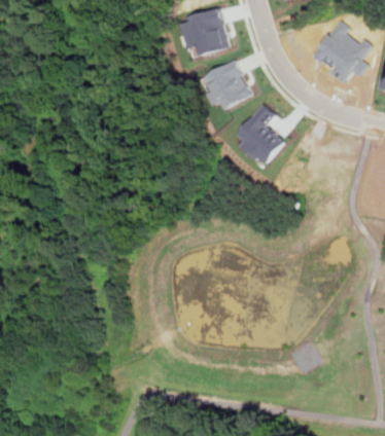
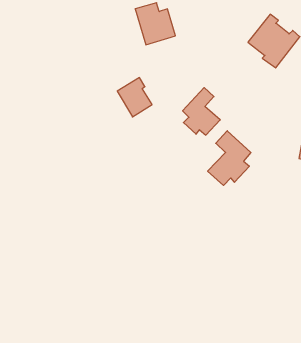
building: [210,62,250,107] -> [117,78,152,117]
building: none -> [208,131,251,185]

